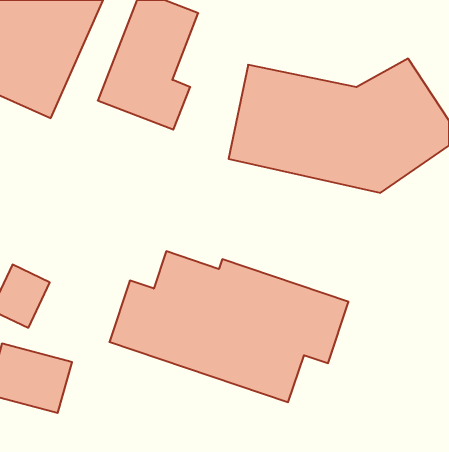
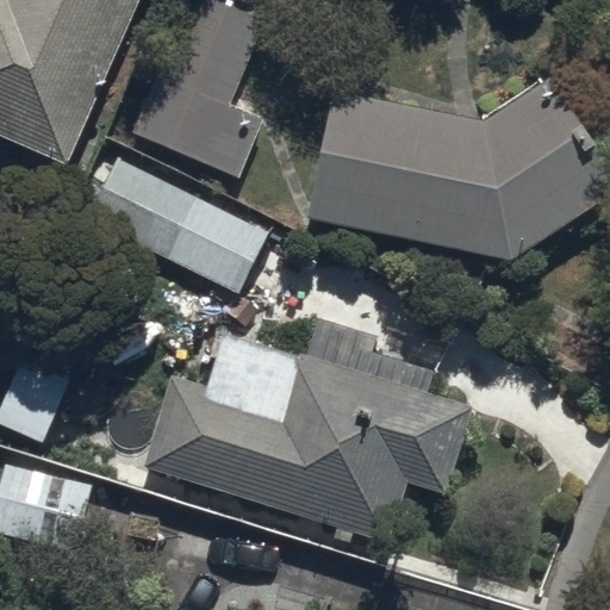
building: none -> [80,151,268,295]

